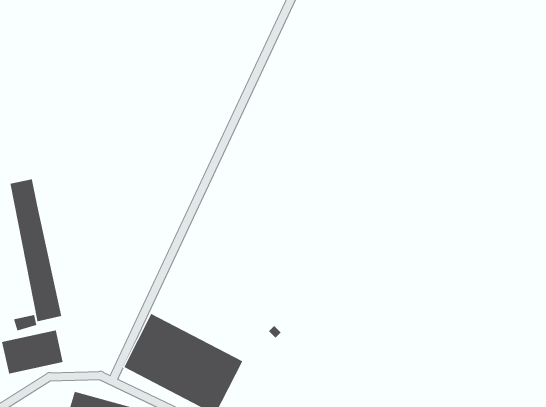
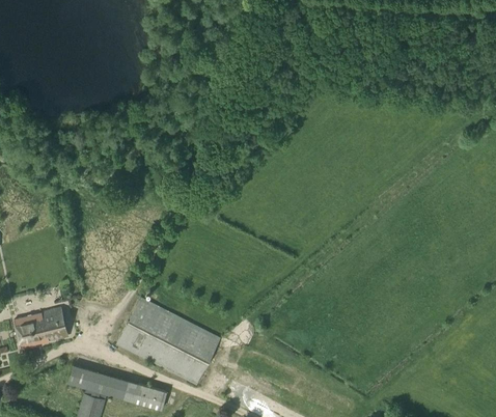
building: [10,179,62,322] -> none

